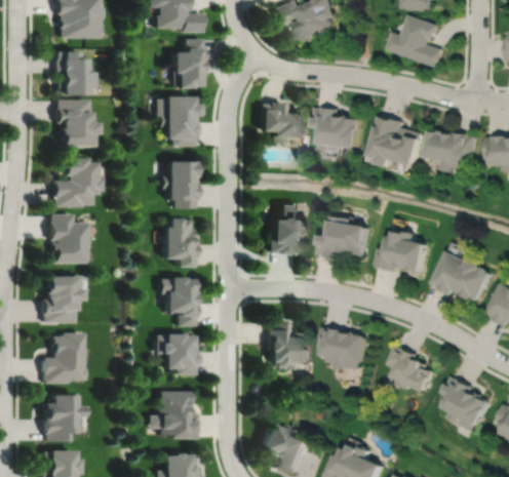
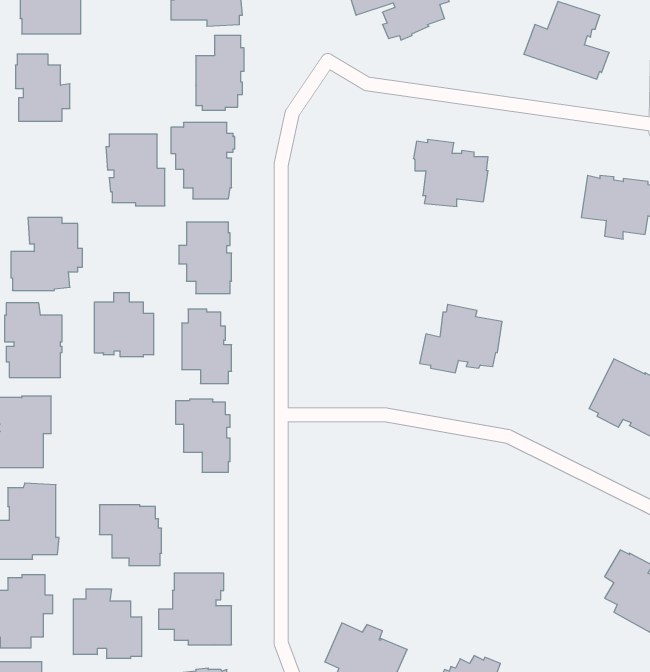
building: [54,100,93,147] -> [106,134,165,206]
building: [261,102,311,143] -> none
building: [375,116,427,167] -> none
building: [270,205,314,254] -> none
building: none -> [95,292,154,357]
building: [381,231,431,273] -> none
building: [269,323,312,369] -> none
building: [322,327,374,370] -> none
building: [157,335,198,375] -> [99,505,162,566]
building: [391,346,438,393] -> none
building: none -> [73,589,142,659]

